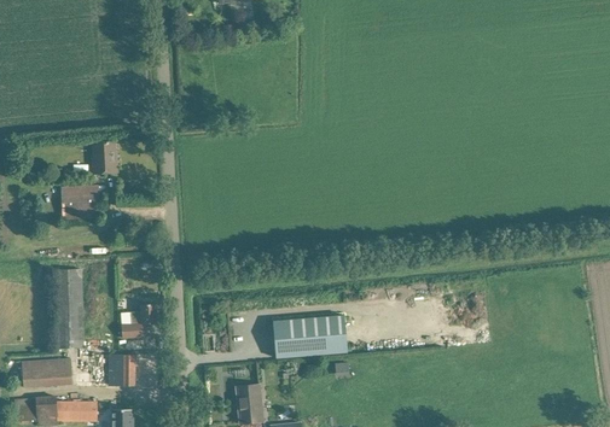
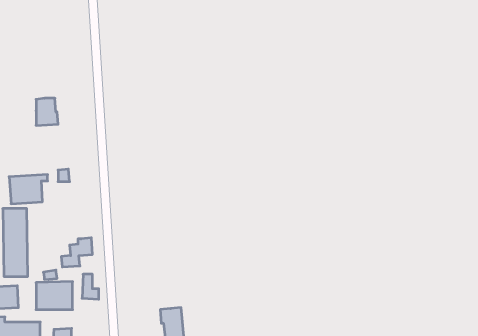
building: [60,185,105,218] -> [9,175,48,204]
building: [273,314,348,357] -> none

